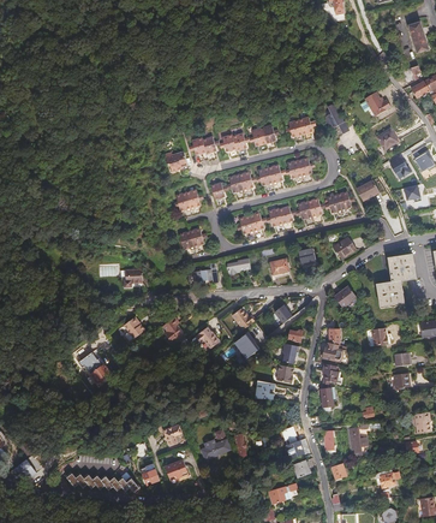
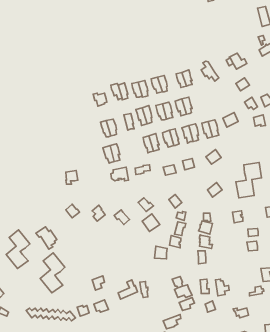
building: none -> [6,230,30,268]
building: none -> [40,253,65,293]

